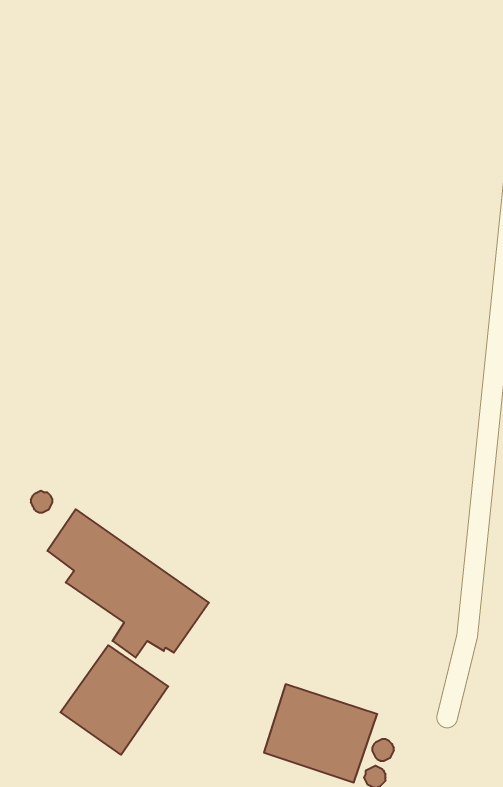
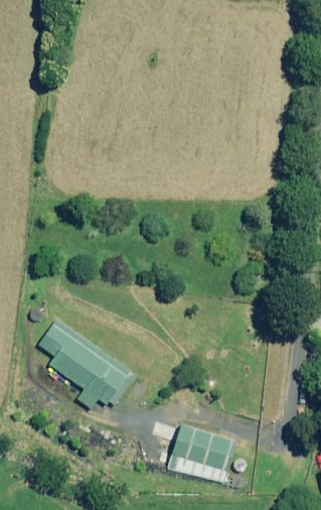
building: [60,645,168,755] -> none

